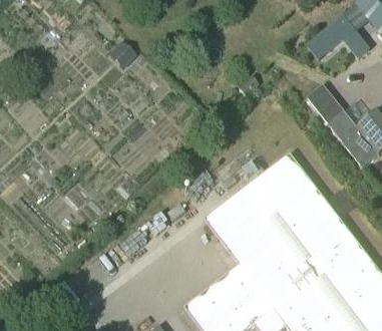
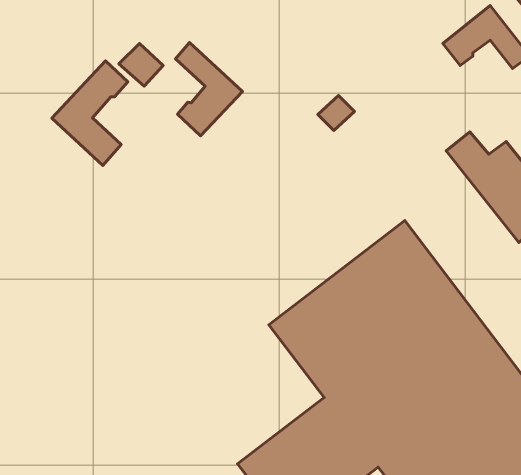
building: none -> [175,42,243,136]
building: none -> [52,61,128,165]

